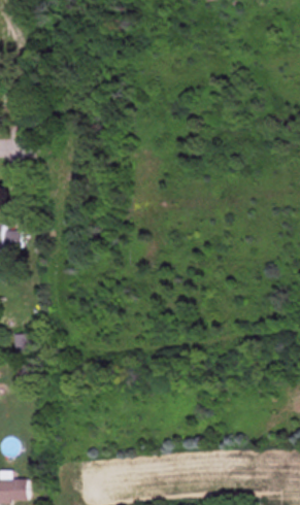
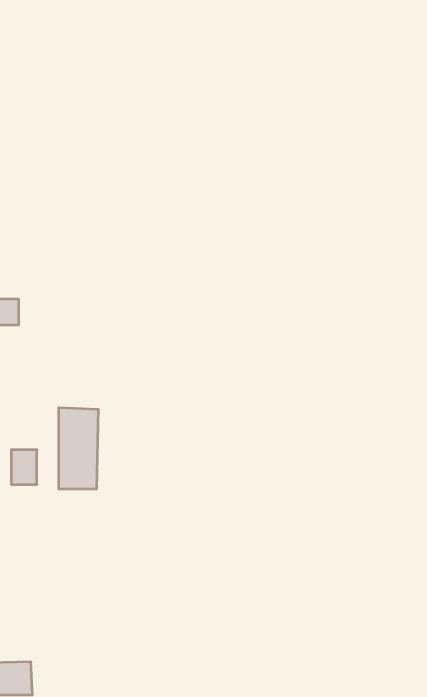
building: none -> [59,408,98,489]

